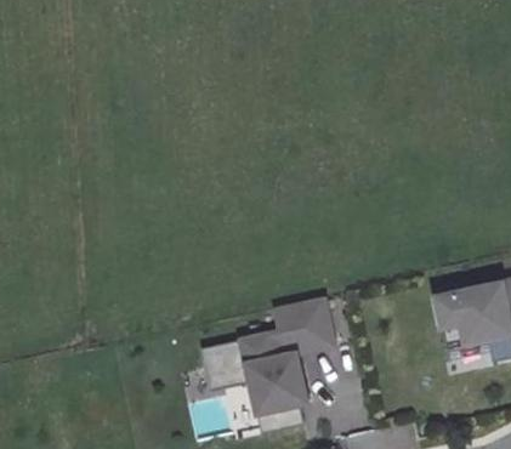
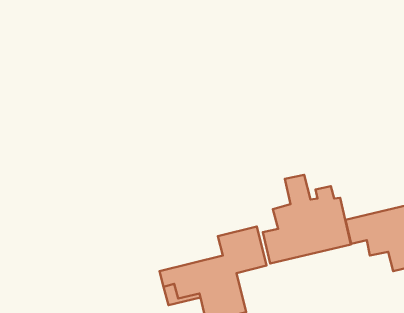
building: none -> [263,175,351,263]

